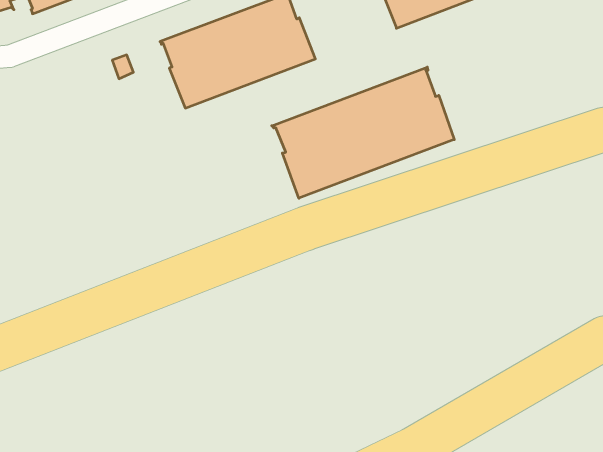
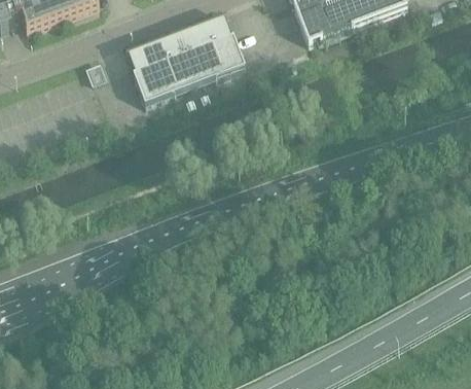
building: [272,67,454,198] -> none

